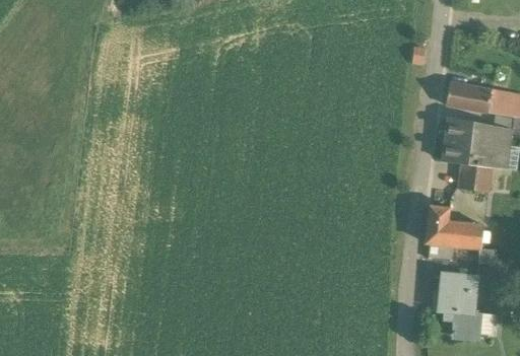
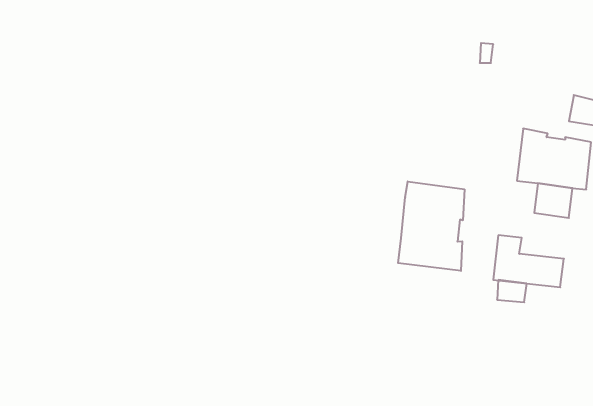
building: [446,84,492,113] -> none
building: none -> [398,181,464,271]
building: [433,273,481,337] -> none

